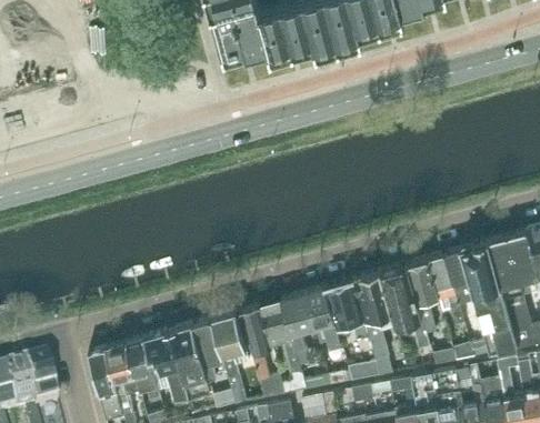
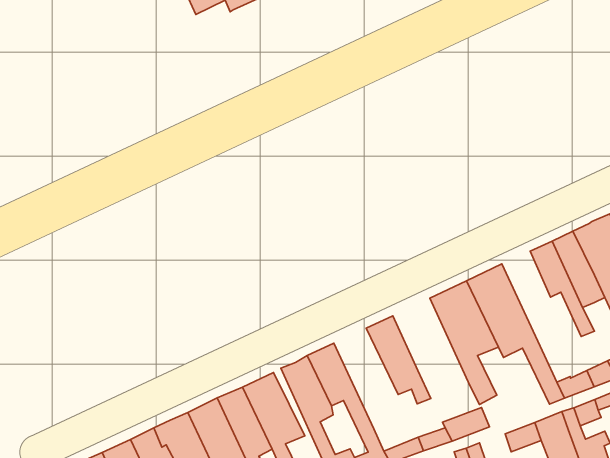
building: [408,258,439,332] -> none
building: [326,279,371,348] -> none
building: [281,292,320,363] -> none

